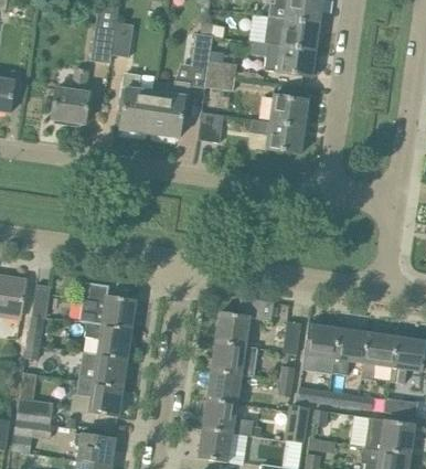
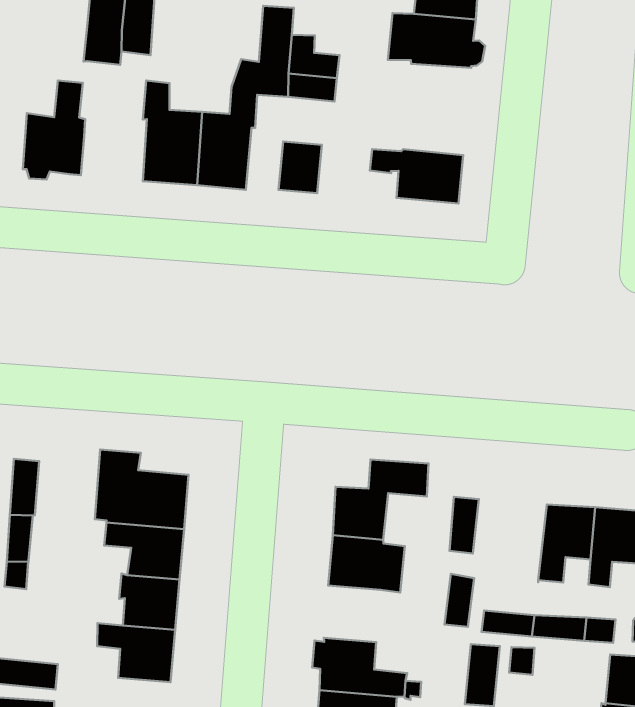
building: [270,95,309,126] -> none
building: [302,324,340,373] -> none
building: [207,367,242,402] -> none

